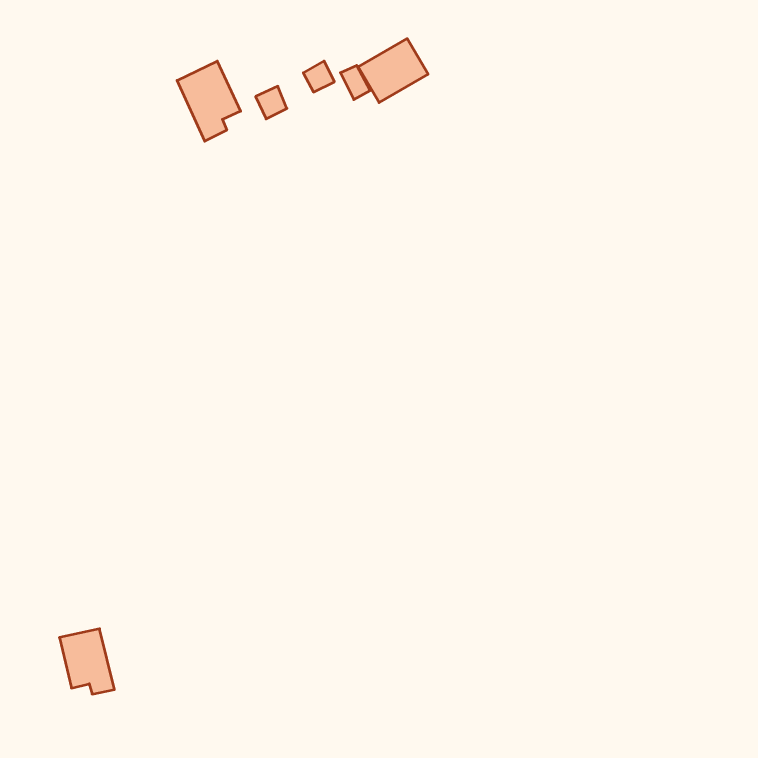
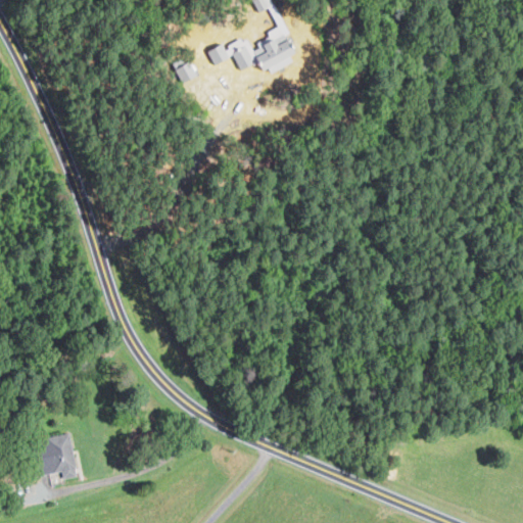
building: [177,61,241,141] -> none

